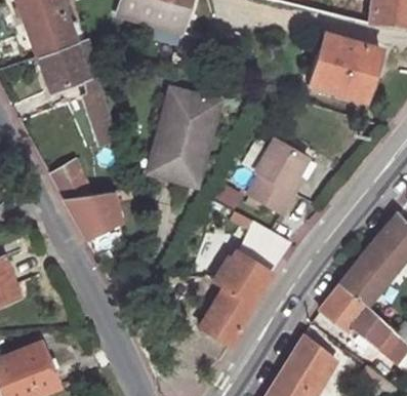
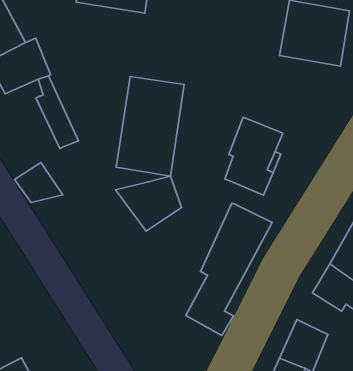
building: [64,189,124,238] -> [116,176,181,231]

